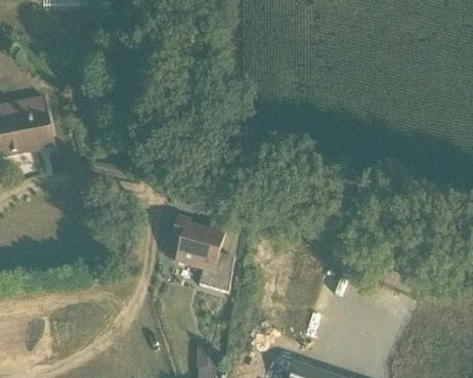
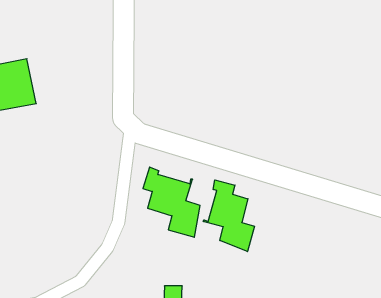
building: none -> [203,180,255,252]

